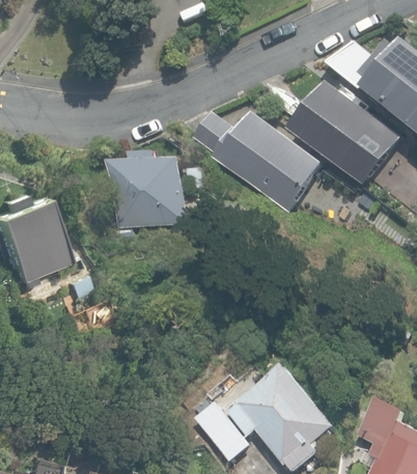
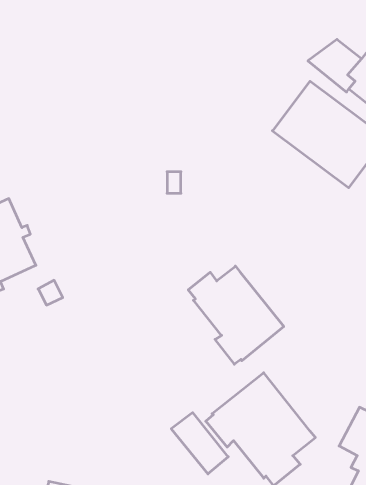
building: [191,113,323,212] -> none
building: [113,154,193,227] -> none
building: none -> [188,266,284,364]

